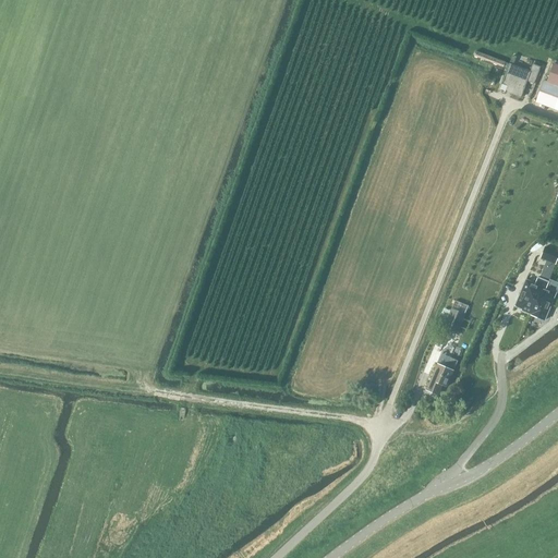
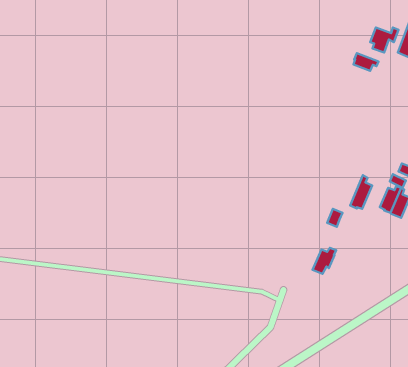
building: none -> [354,53,378,71]
building: none -> [350,175,372,209]

